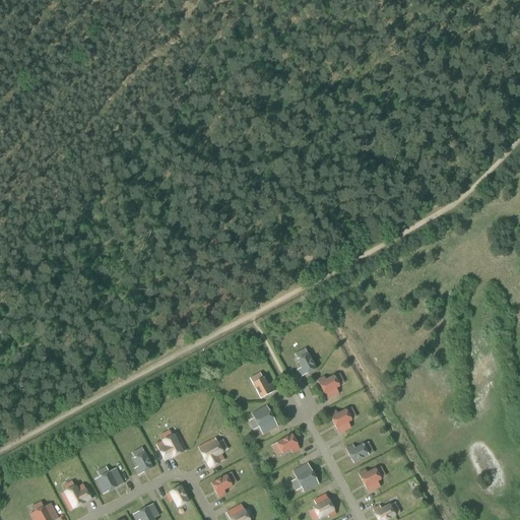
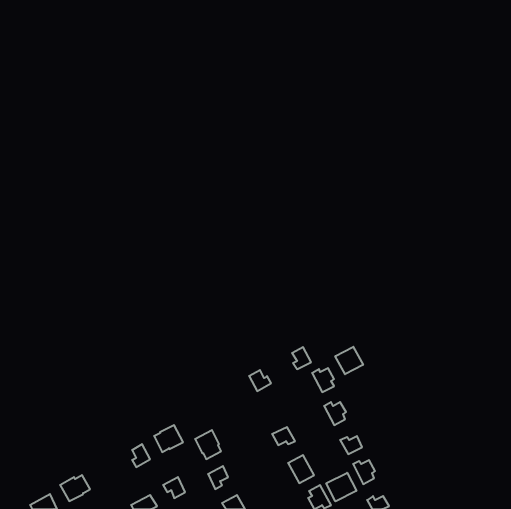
building: none -> [335,347,363,374]
building: [252,404,277,433] -> none
building: [95,466,124,493] -> none
building: none -> [326,473,356,501]

